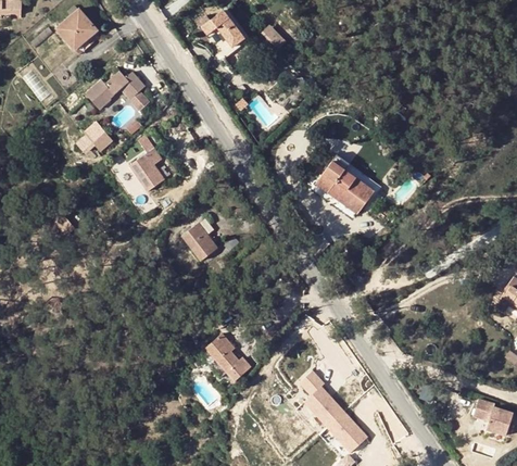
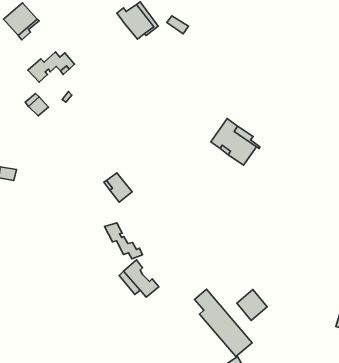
building: [129,149,164,191] -> none
building: none -> [104,223,143,259]
building: none -> [237,290,267,321]

